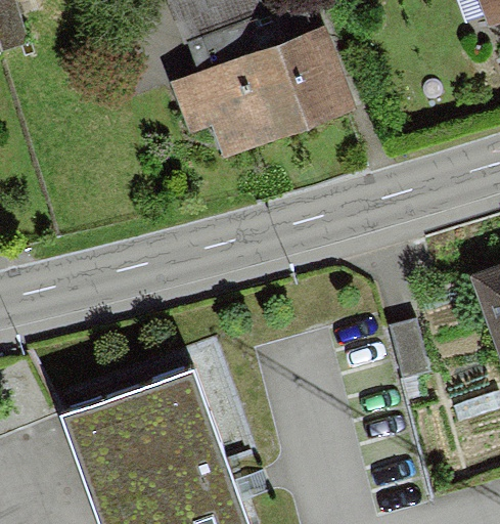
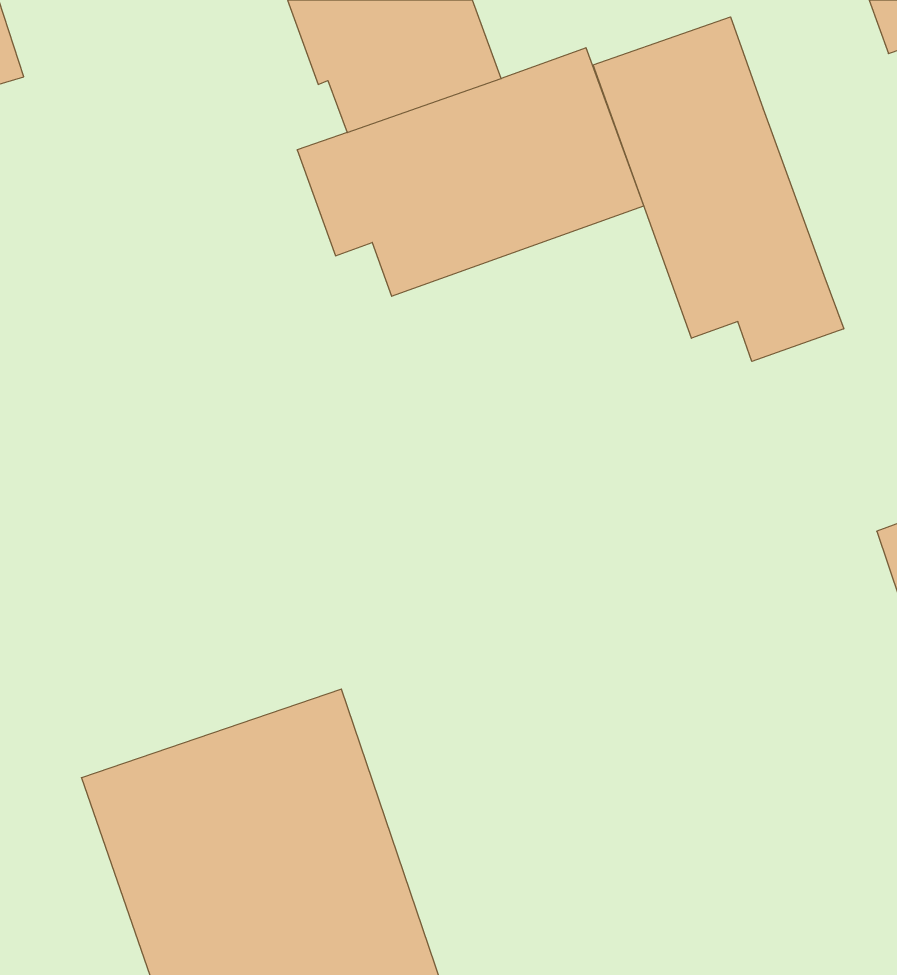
building: none -> [593,17,844,361]

